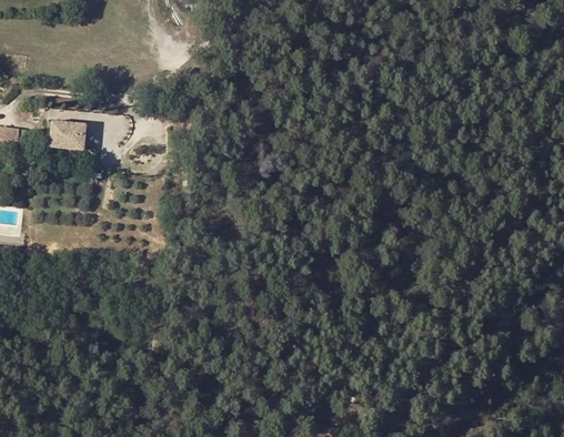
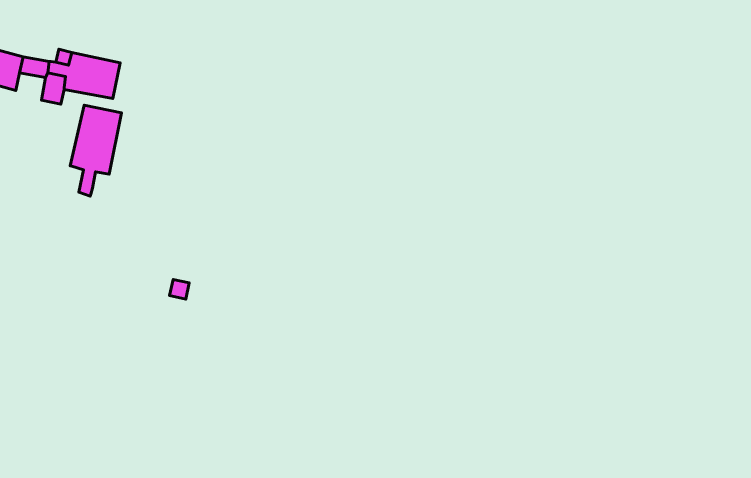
building: none -> [70,105,121,196]

